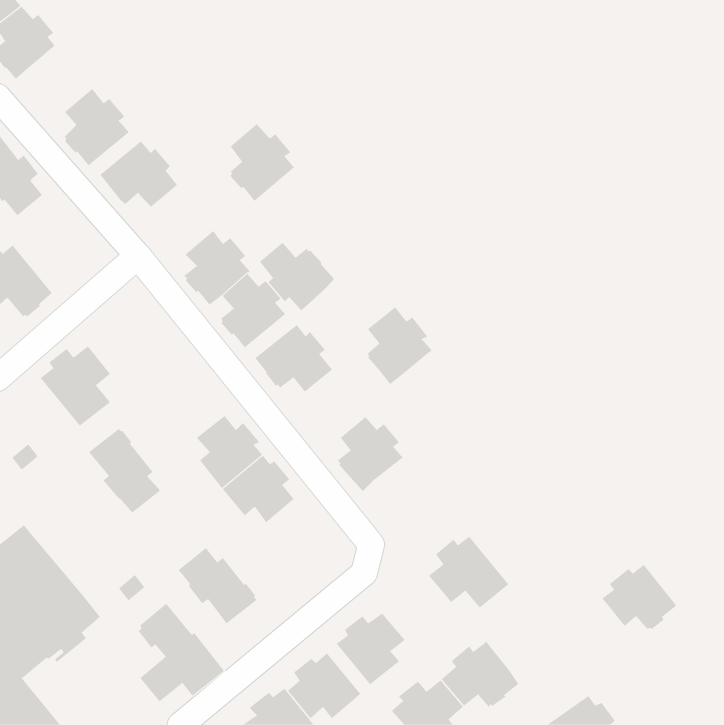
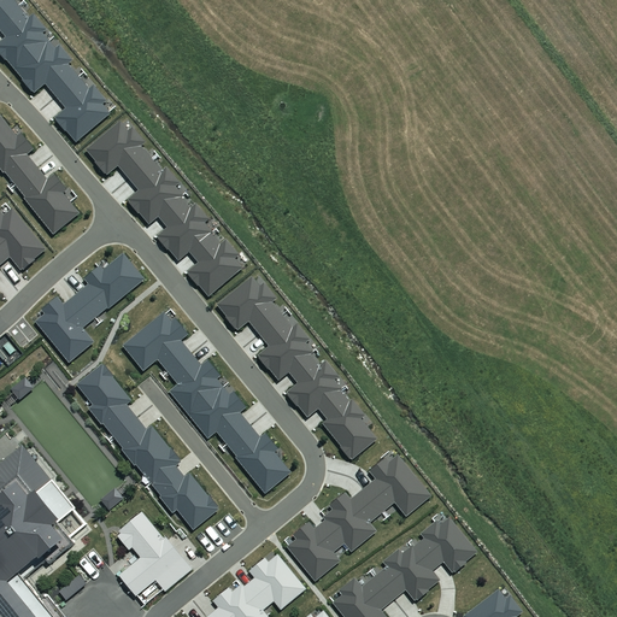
building: none -> [13,39,78,95]
building: [230,124,295,202] -> [128,157,183,223]
building: none -> [14,165,78,234]
building: [259,242,335,311] -> none
building: none -> [75,252,143,317]
building: [367,306,432,385] -> [258,313,313,380]
building: none -> [122,311,190,371]
building: none -> [317,389,377,459]
building: none -> [112,416,180,483]
building: none -> [225,423,290,493]
building: [602,564,677,630] -> [413,516,477,571]
building: none -> [322,488,382,551]

